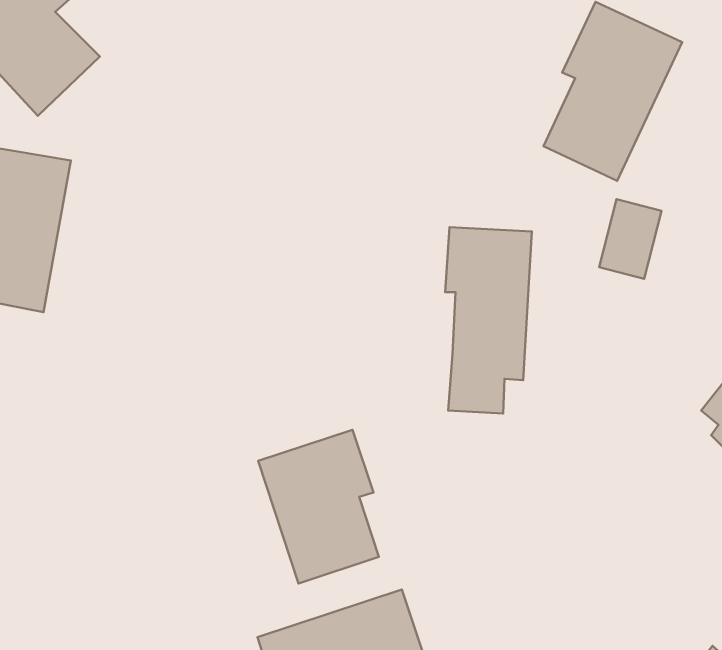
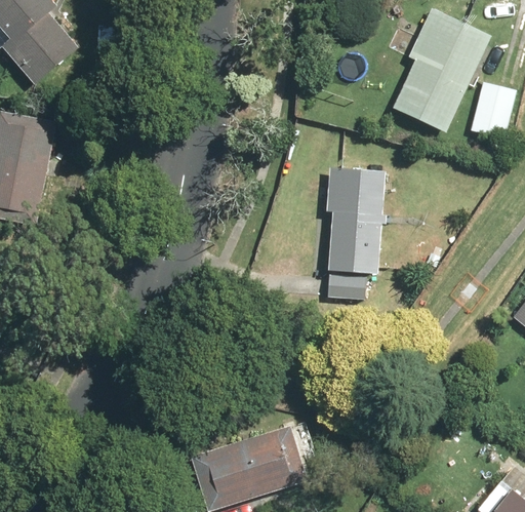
building: [599,199,661,279] -> [471,80,515,136]
building: [258,430,379,583] -> none

